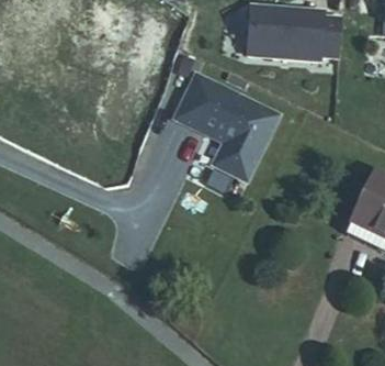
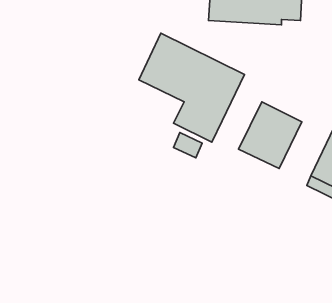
building: none -> [238,102,302,168]

